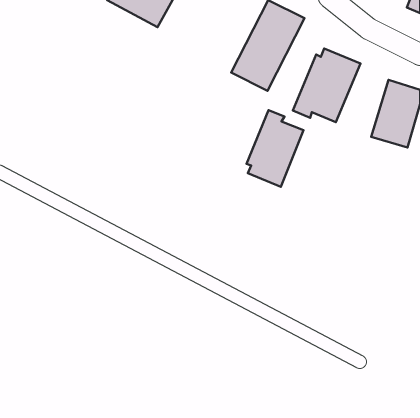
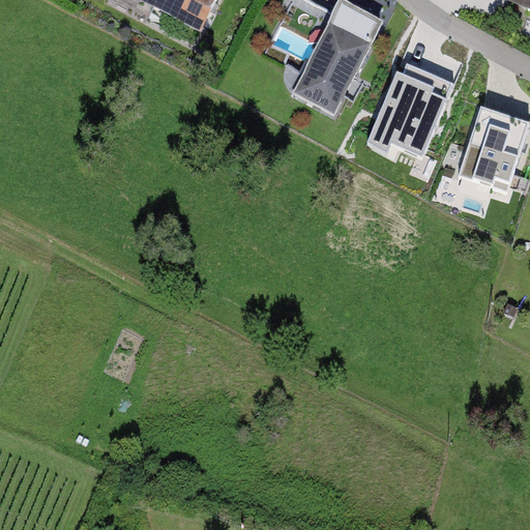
building: [246,110,303,187] -> none

